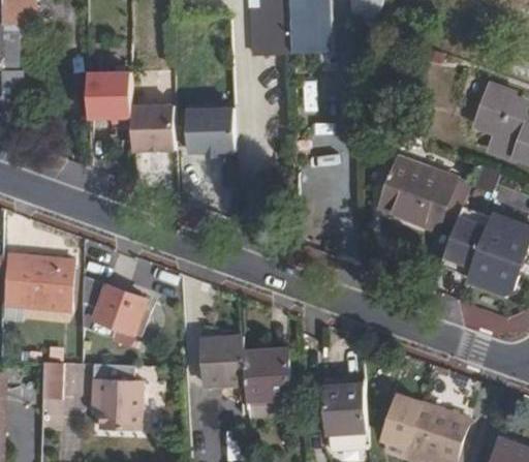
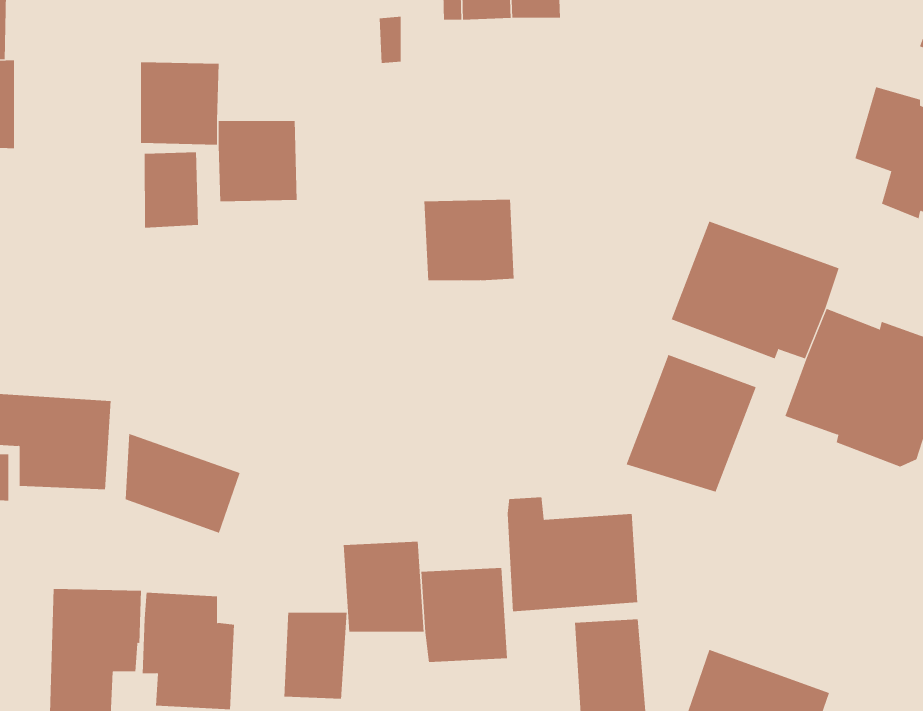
building: [185,105,235,150] -> [424,199,515,281]
building: none -> [144,152,198,229]
building: none -> [626,354,757,493]
building: none -> [507,496,638,612]
building: none -> [284,612,347,700]

